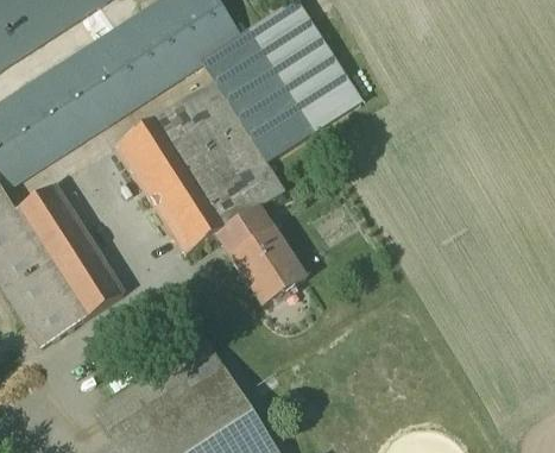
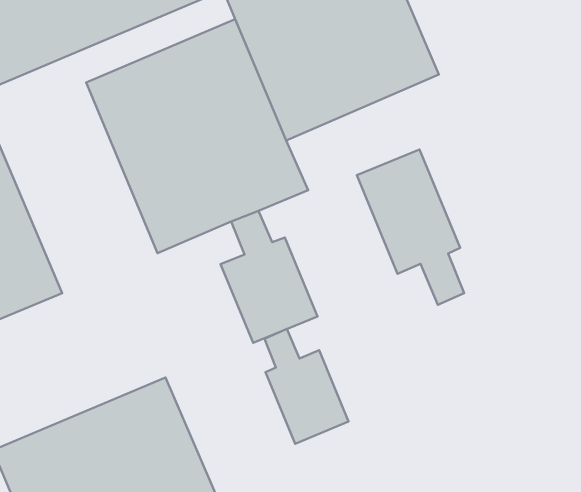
building: none -> [357,149,464,305]
building: none -> [264,329,349,444]

